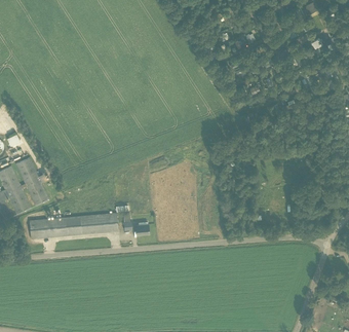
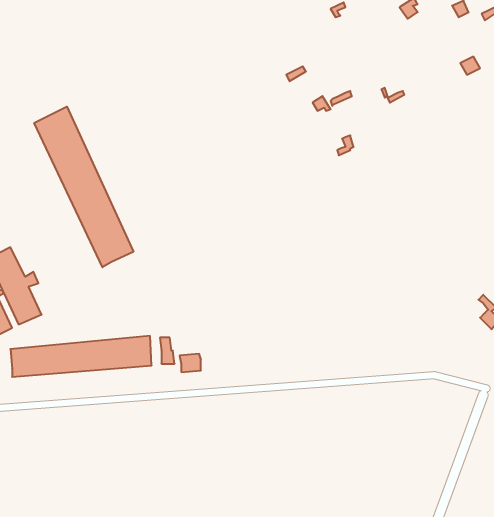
building: none -> [34,107,133,267]

